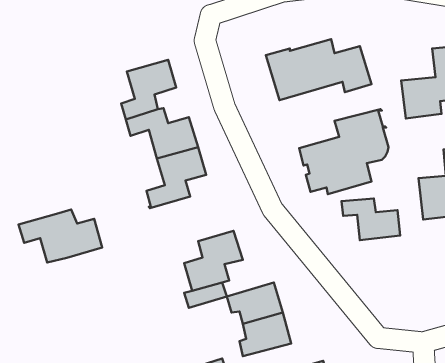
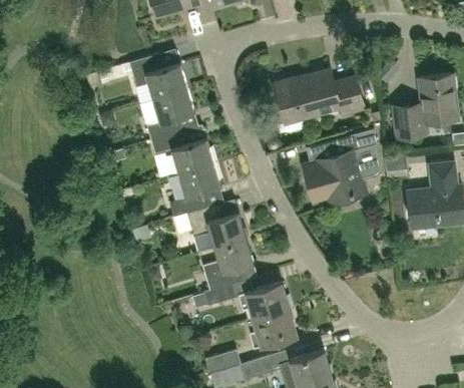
building: none -> [130,53,188,97]
building: [342,199,400,240] -> none
building: [19,210,102,262] -> [172,204,246,250]

